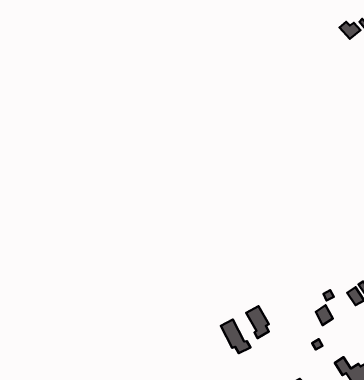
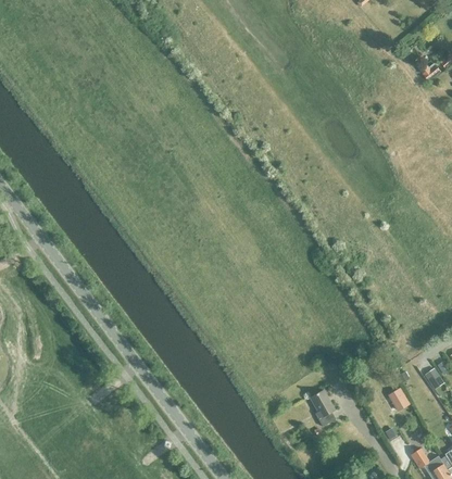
building: [221,319,250,353] -> none

